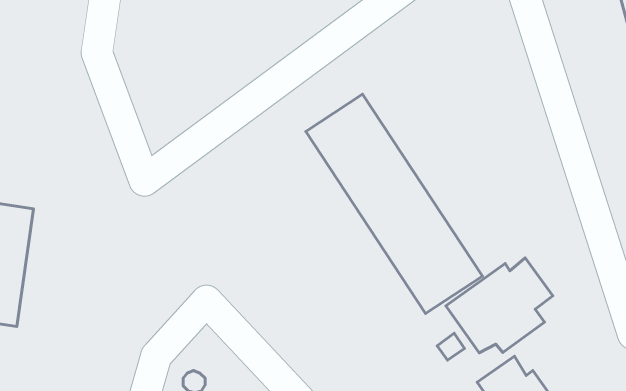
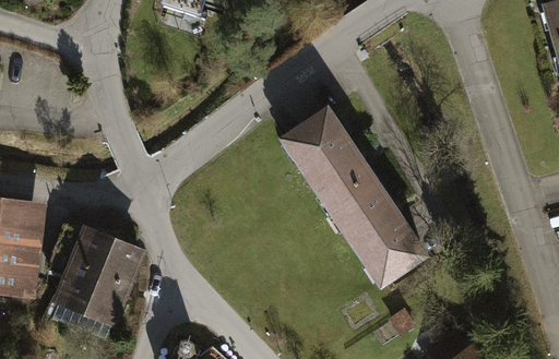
building: none -> [49,226,145,328]
building: [446,258,553,353] -> none

